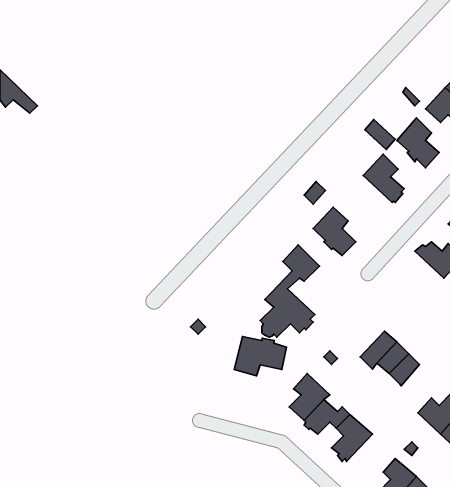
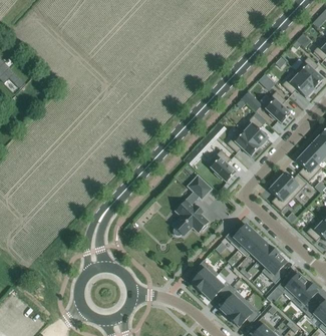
building: none -> [227,128,260,155]
building: none -> [269,179,294,211]
building: none -> [226,224,255,249]
building: [234,336,287,376] -> none
building: none -> [262,254,287,283]
building: none -> [230,300,261,326]

